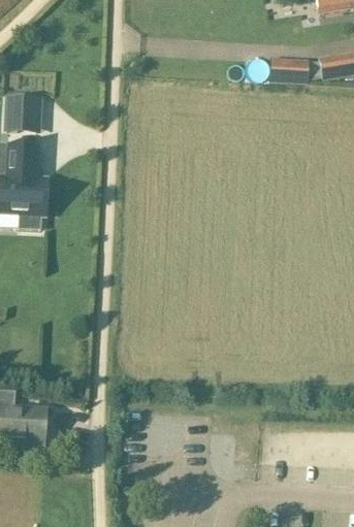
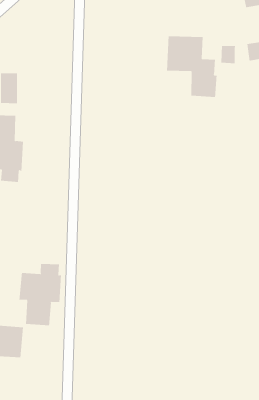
building: none -> [166,35,217,98]
building: none -> [19,263,62,326]

